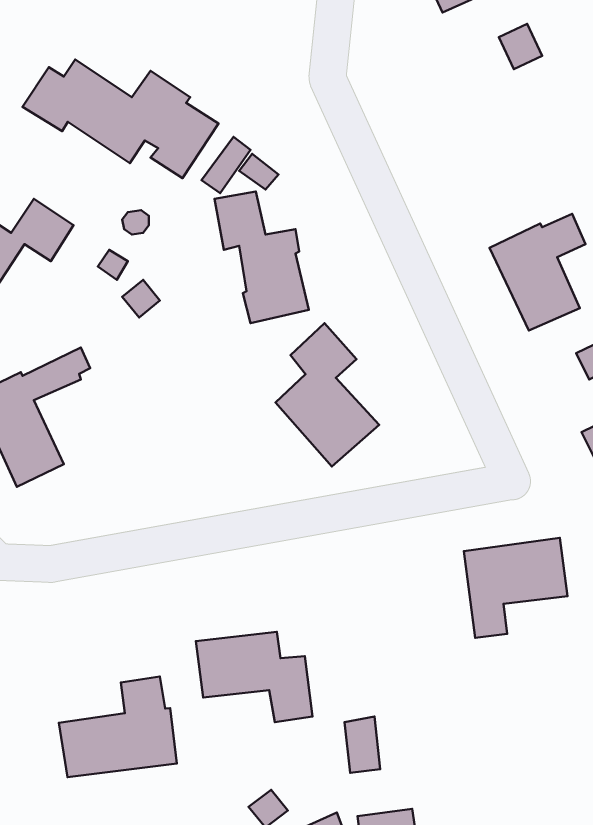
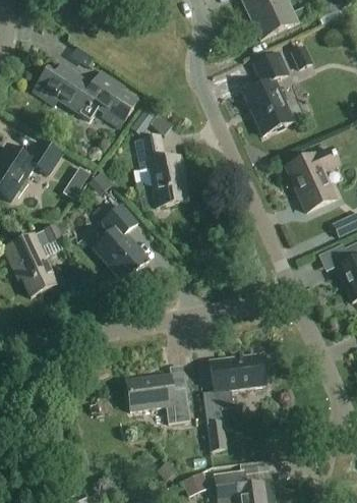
building: none -> [243,52,292,134]
building: [275,323,379,466] -> [93,204,148,281]
building: [464,538,567,638] -> [210,353,265,407]
building: [59,676,177,777] -> none

